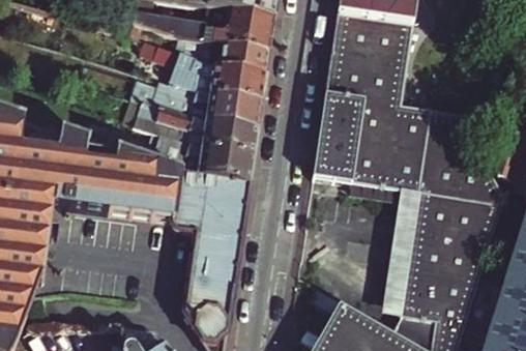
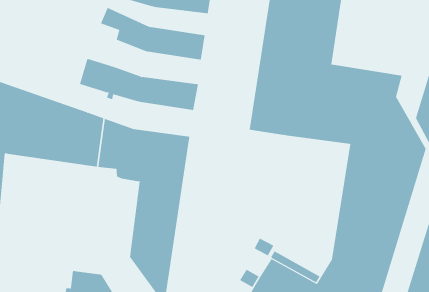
building: [206,41,269,71] -> none
building: [144,68,262,124] -> none
building: [140,136,254,180] -> none
building: [349,179,420,312] -> none

